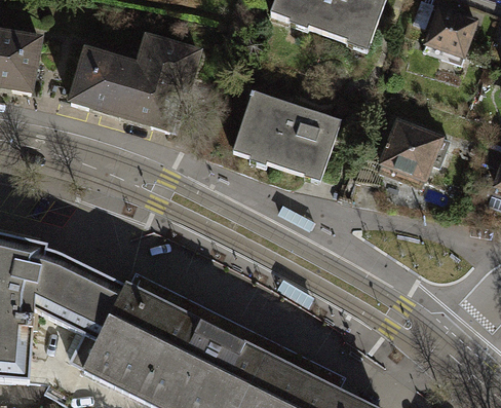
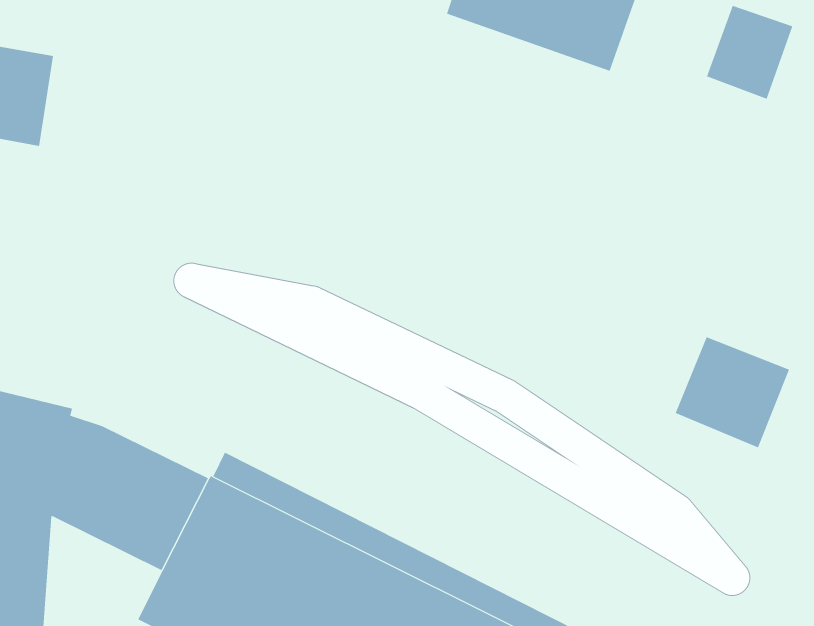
building: [67,39,195,135] -> none
building: [229,95,337,179] -> none
building: [384,111,452,177] -> [675,336,790,448]

